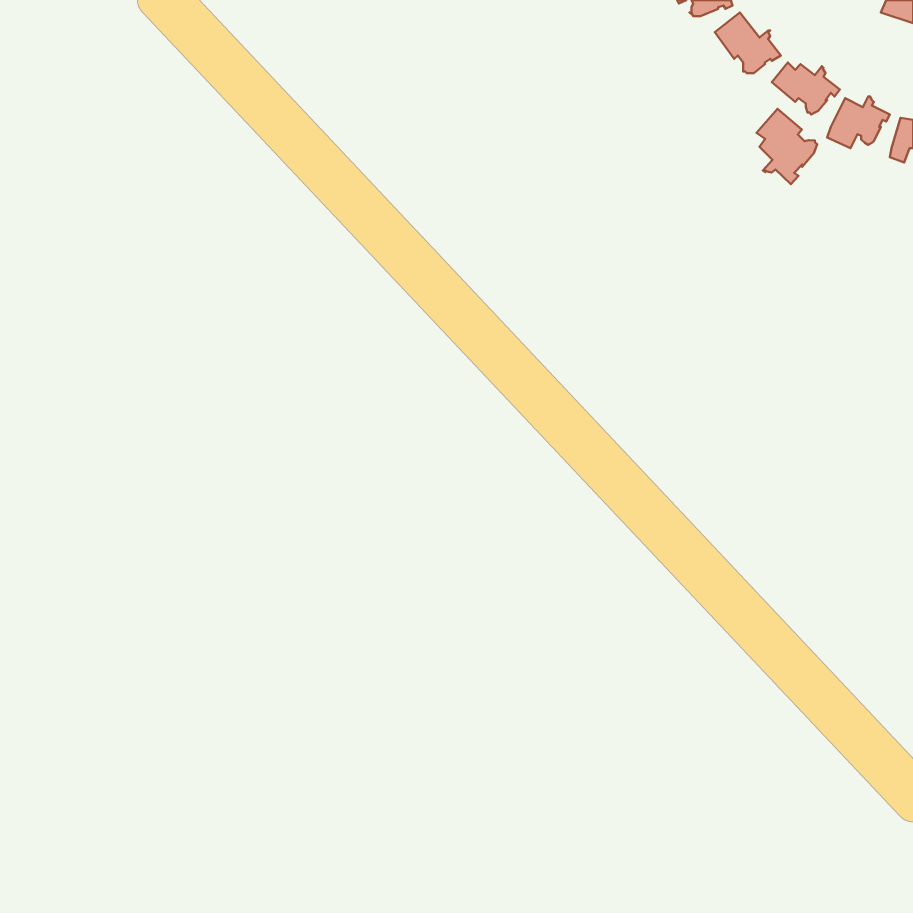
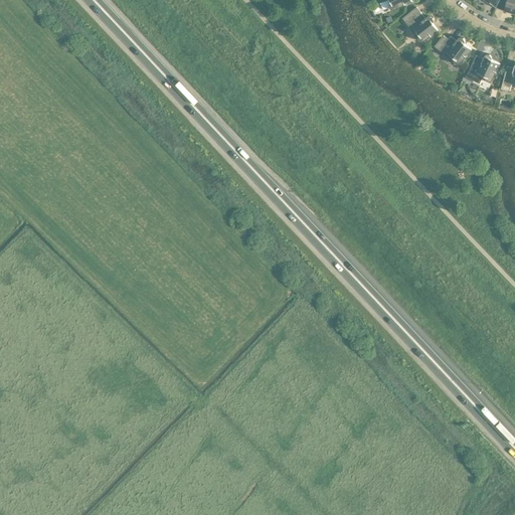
building: [756,109,817,184] -> none

